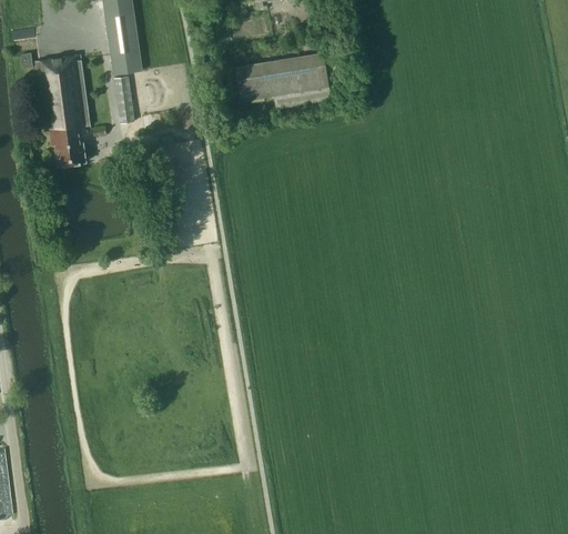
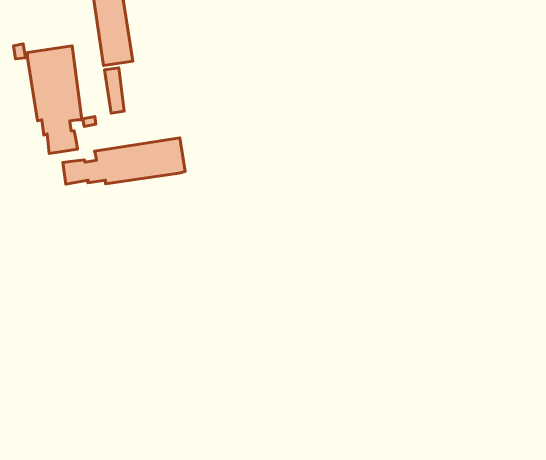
building: [235,51,332,109] -> none
building: none -> [63,138,185,184]

